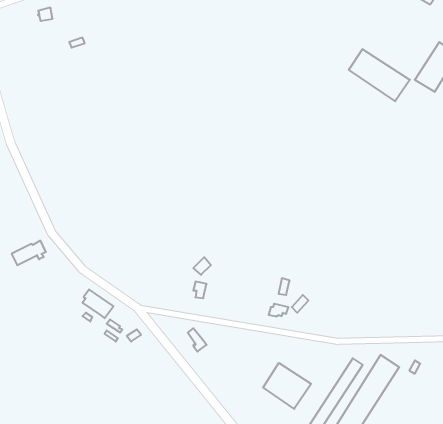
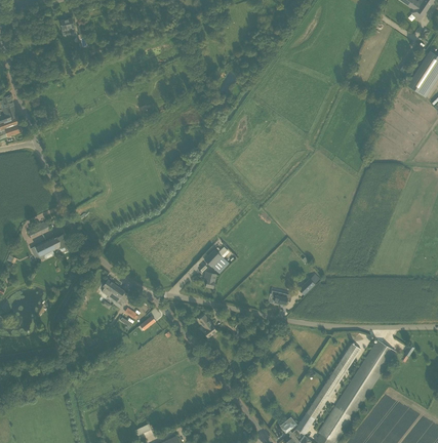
building: [349,49,410,101] -> none
building: [263,363,311,409] -> none

